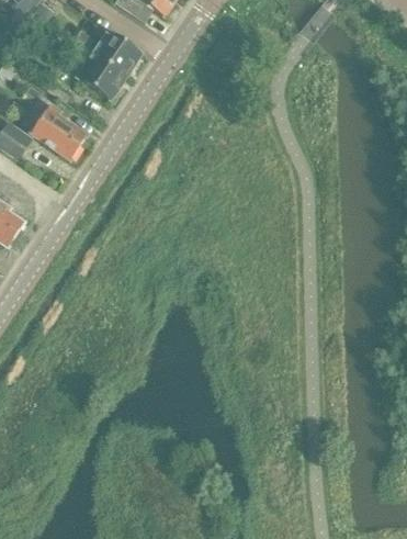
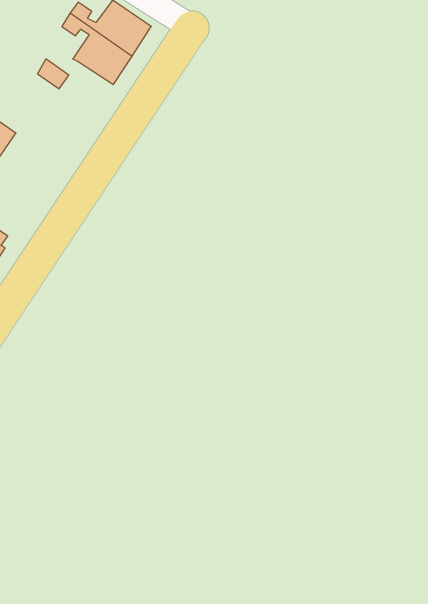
building: [31,104,87,159] -> none

